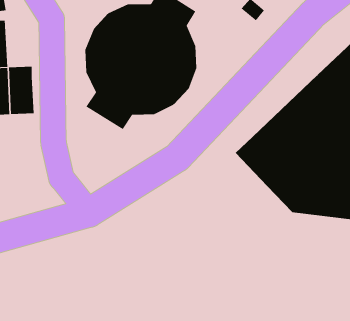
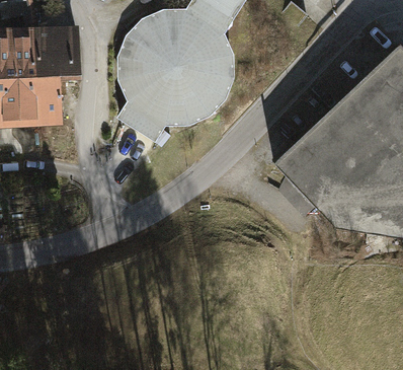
building: none -> [34,22,81,75]

